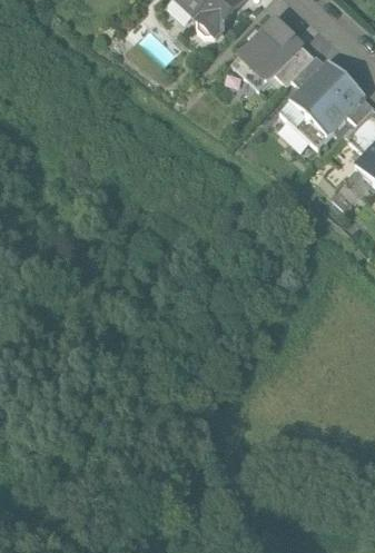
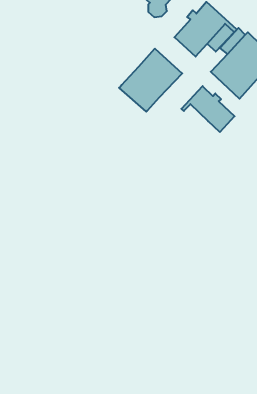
building: none -> [119,49,182,112]
building: none -> [181,86,235,132]

